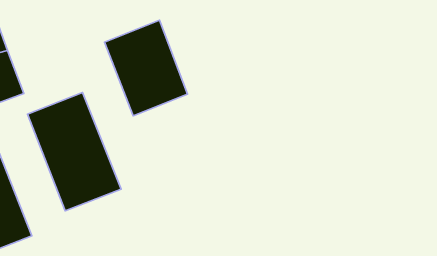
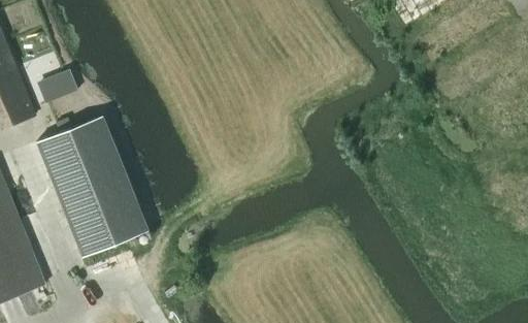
building: [104,20,188,116] -> none
building: none -> [38,71,77,102]

